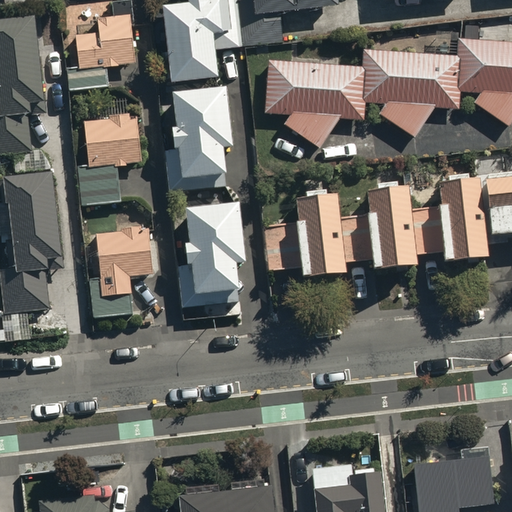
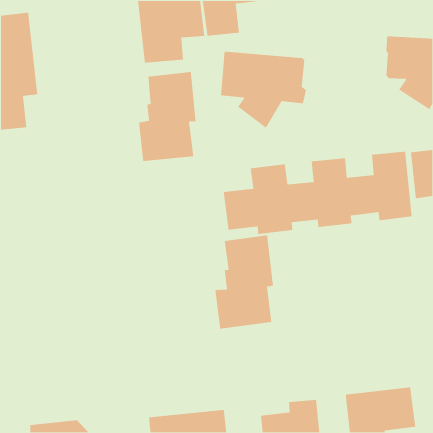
building: [67,14,135,90] -> none
building: [357,51,458,141] -> none
building: [78,113,141,205] -> none
building: [6,169,62,311] -> none
building: [175,197,245,309] -> [214,234,274,329]
building: [89,225,153,320] -> none

